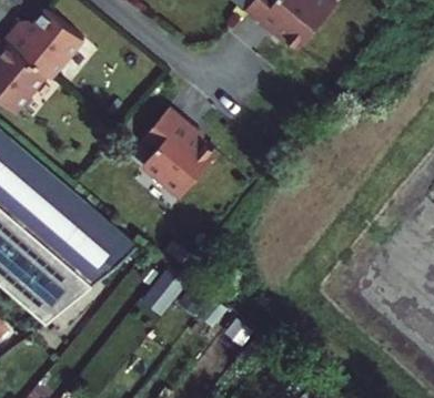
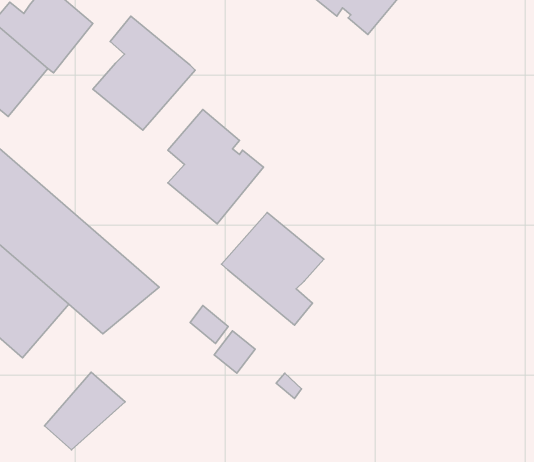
building: none -> [93,16,195,130]
building: none -> [222,212,324,325]
building: [27,261,90,322] -> [45,372,125,450]

